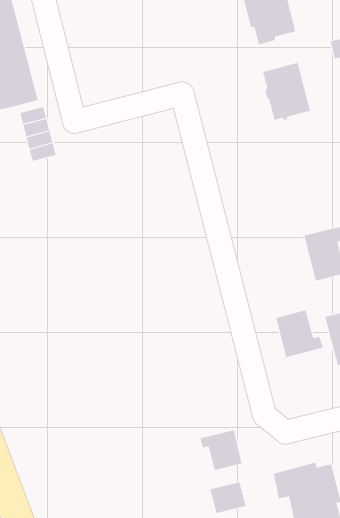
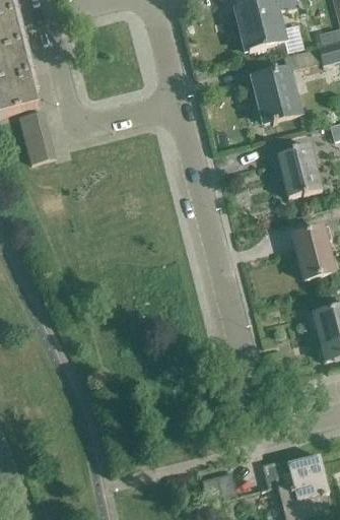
building: none -> [273,142,324,197]
building: [276,310,323,358] -> none
building: [200,429,242,471] -> none

